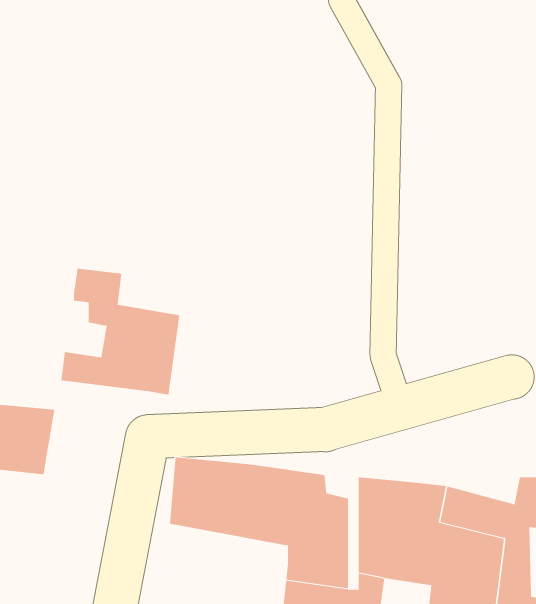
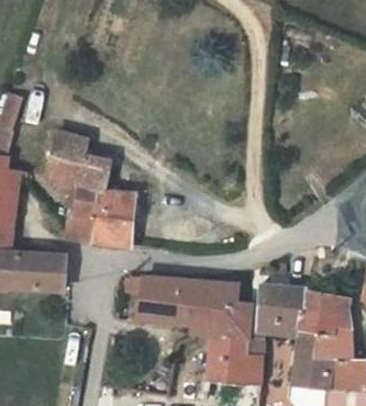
building: none -> [44,129,86,180]

